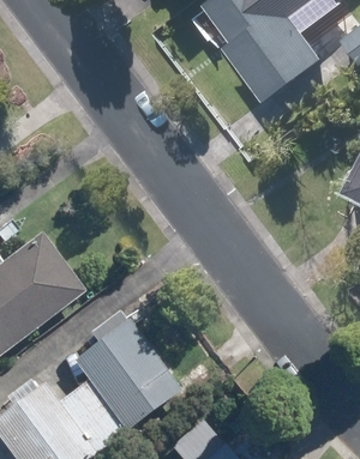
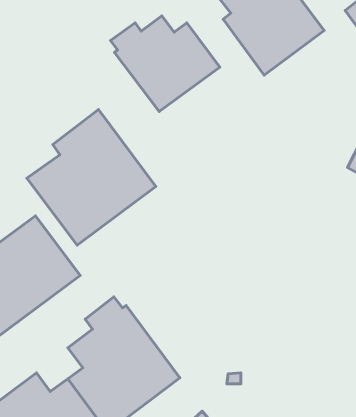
building: none -> [111,16,220,112]
building: none -> [27,109,156,245]

